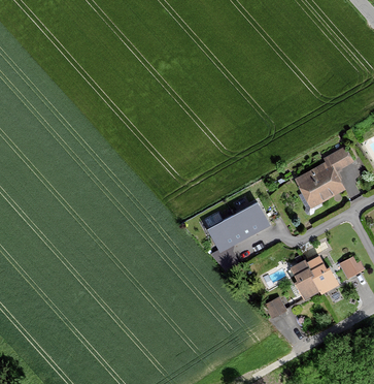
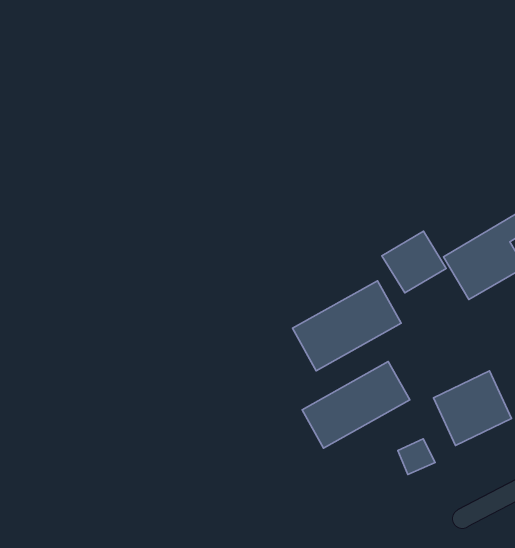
building: none -> [382,231,446,293]
building: none -> [302,361,410,448]

